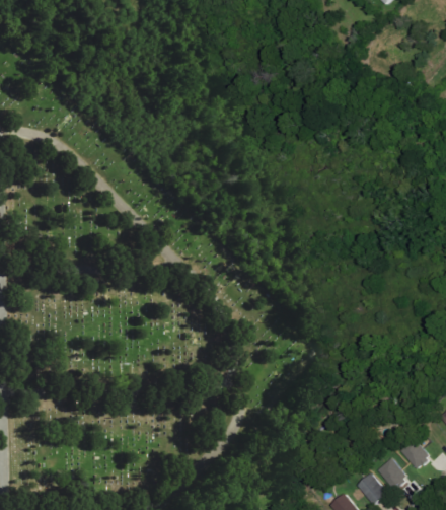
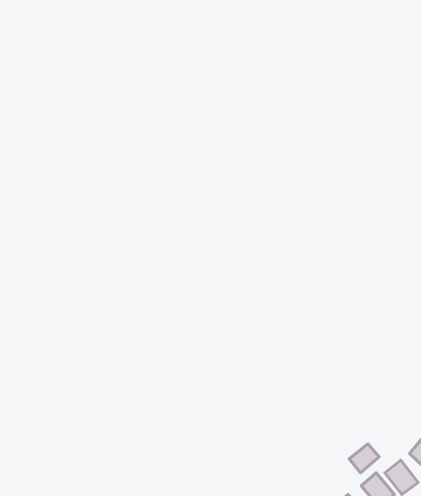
building: none -> [349,444,379,473]

